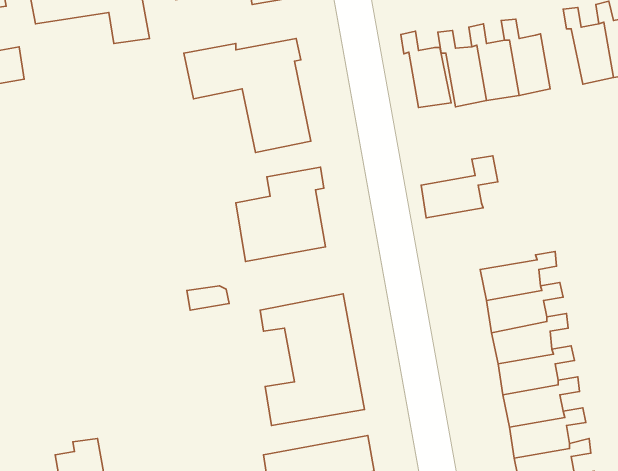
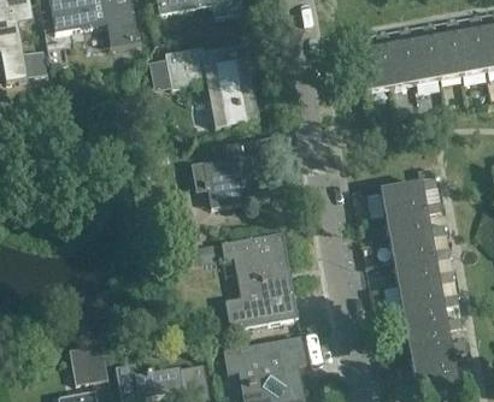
building: [401,31,451,108] -> [422,22,459,78]
building: [421,156,498,218] -> [380,166,436,212]

